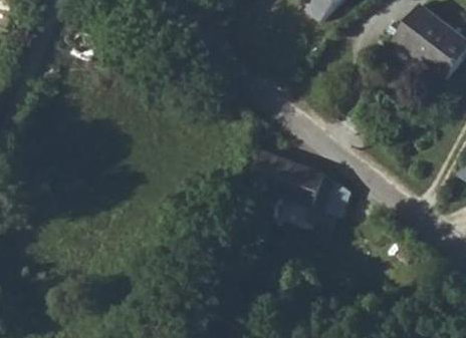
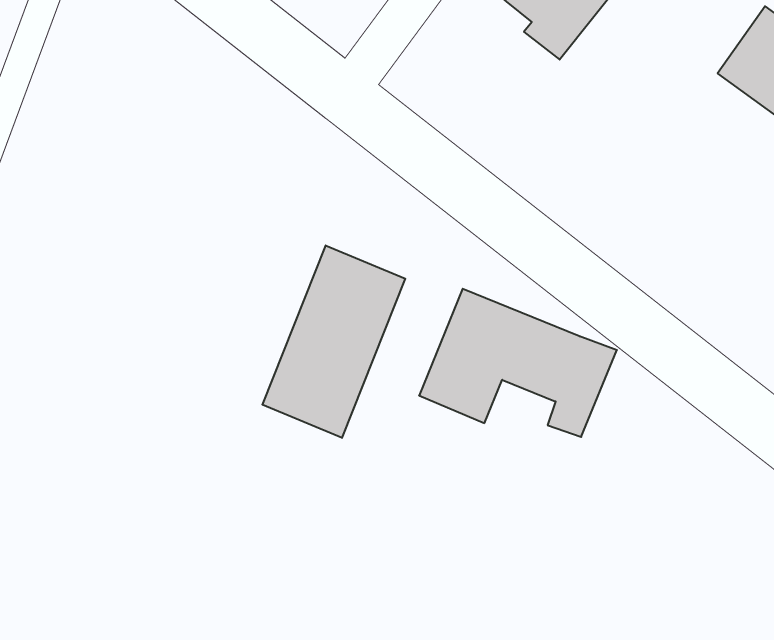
building: none -> [262,245,405,438]

